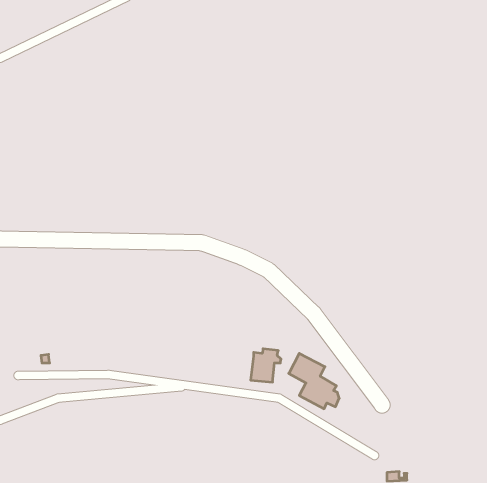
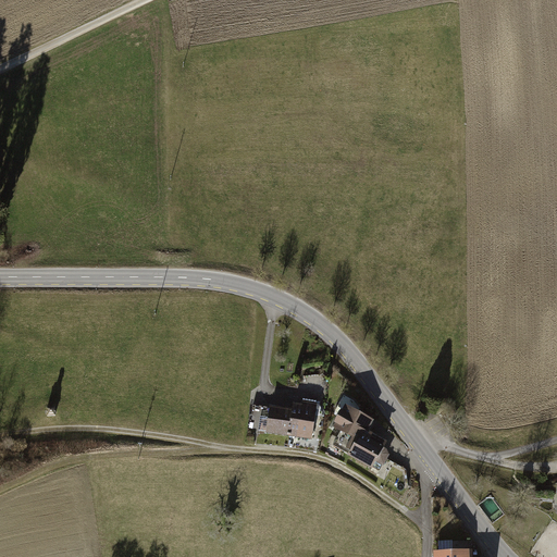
building: none -> [264,405,289,434]

